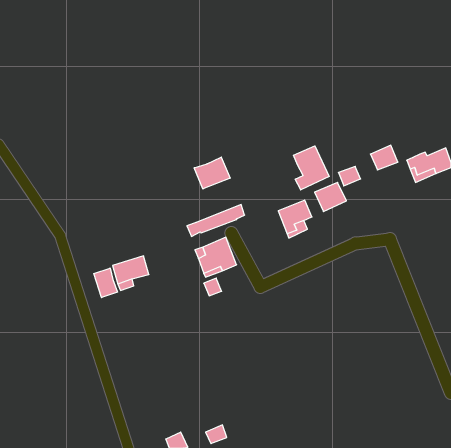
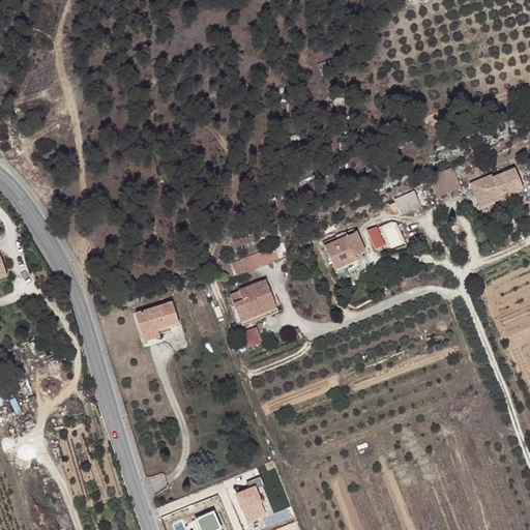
building: [294,146,329,190] -> none
building: [194,157,230,189] -> none
building: [94,268,118,298] -> none
building: none -> [233,480,260,505]

